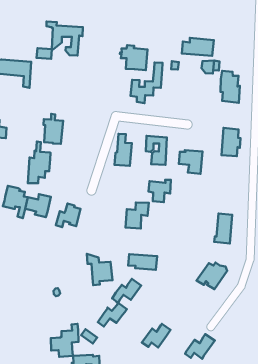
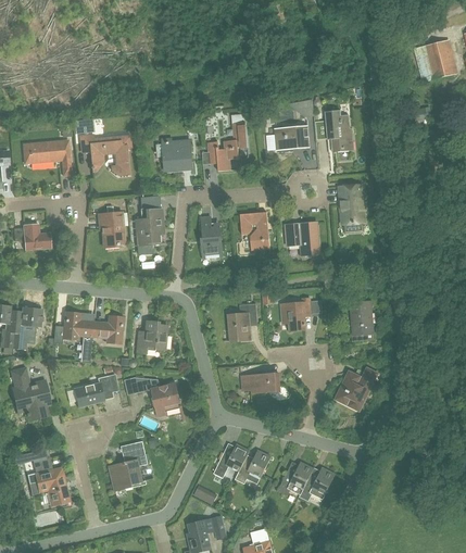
building: [47,21,83,56] -> [78,135,129,176]
building: [182,38,214,56] -> [265,126,307,151]
building: [120,45,147,70] -> [153,138,191,171]
building: [28,142,50,183] -> [134,197,163,254]
building: [149,180,171,202] -> [280,298,311,330]
building: none -> [74,376,112,407]
building: [87,254,113,285] -> [141,378,181,418]
building: [112,279,141,303] -> [235,449,270,483]
building: [51,324,79,357] -> [109,441,147,489]
building: [185,334,215,359] -> [298,467,335,502]

